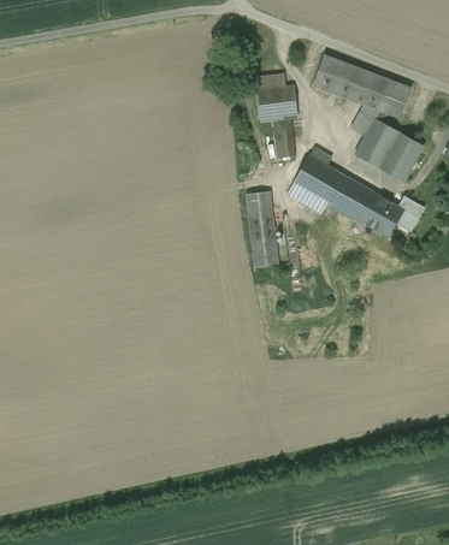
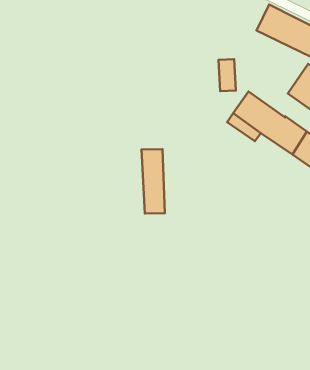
building: [258,87,296,120] -> none
building: [246,191,278,267] -> [142,149,165,214]

